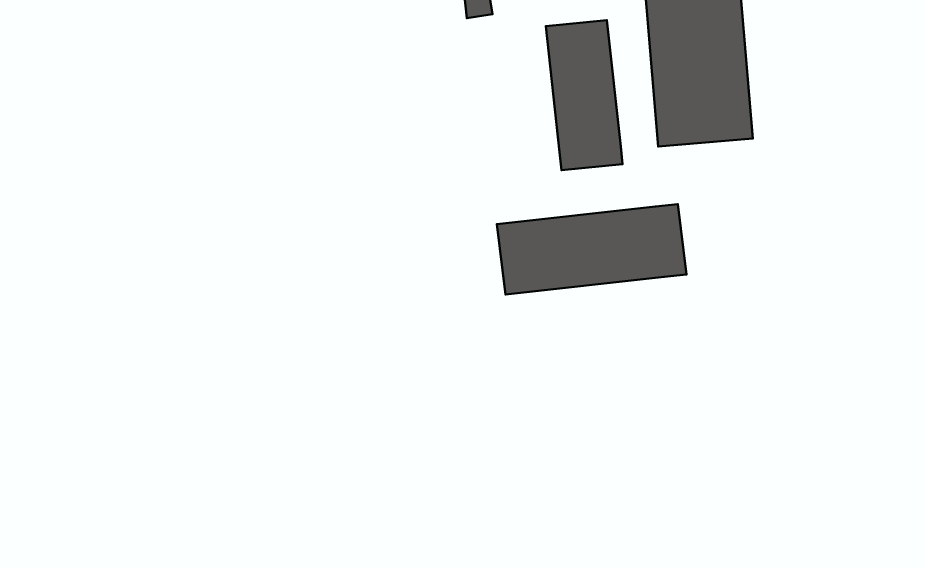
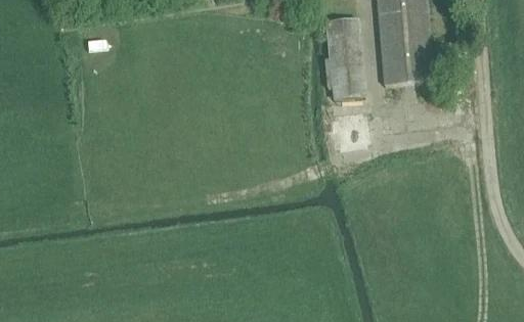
building: [497,204,686,294] -> none

